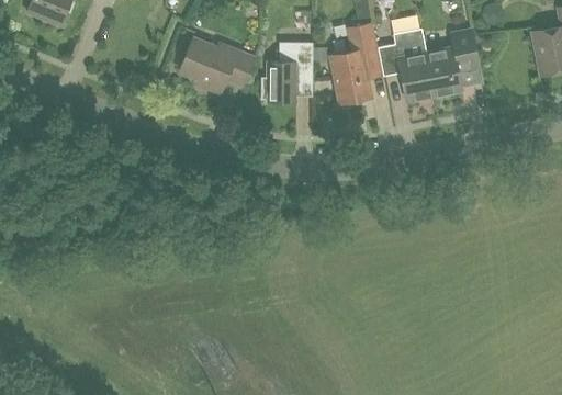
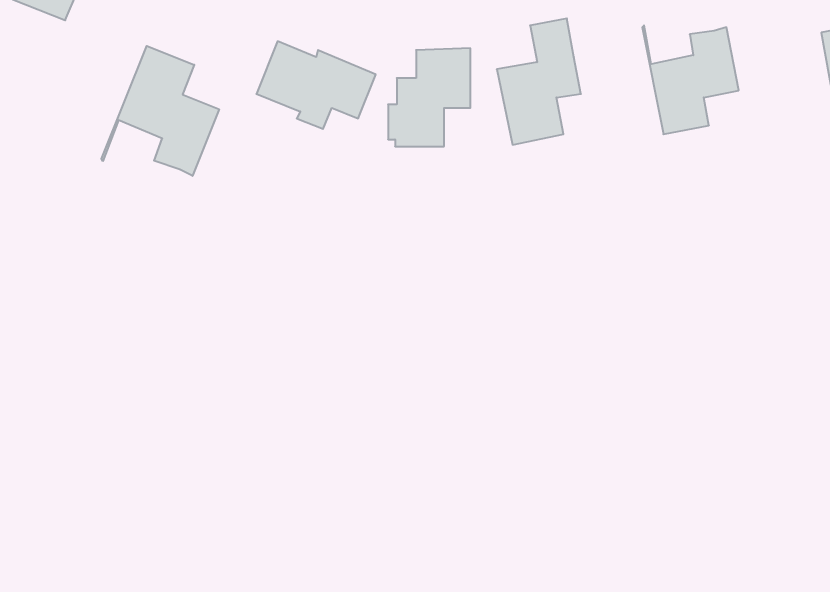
building: [378,30,434,102] -> none
building: none -> [101,46,219,176]

